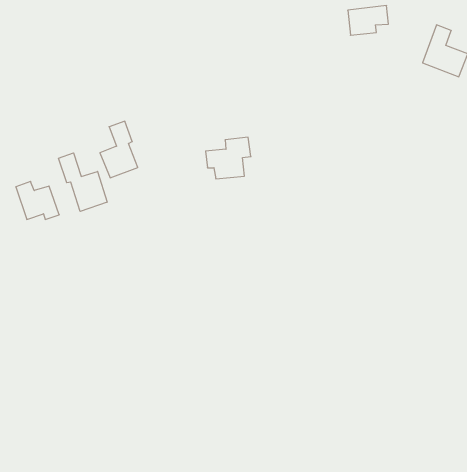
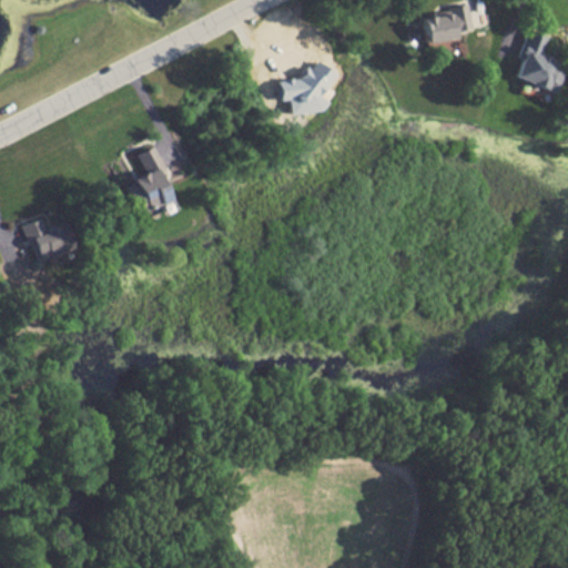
building: [206,137,251,179] -> [280,64,334,114]
building: [58,153,107,211] -> none

